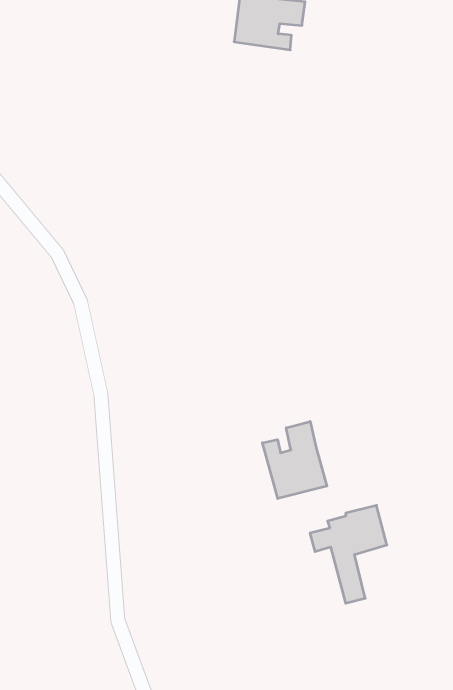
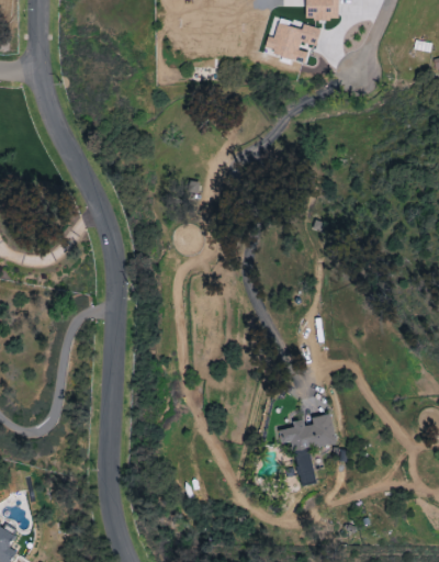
building: [262,421,327,499] -> none

